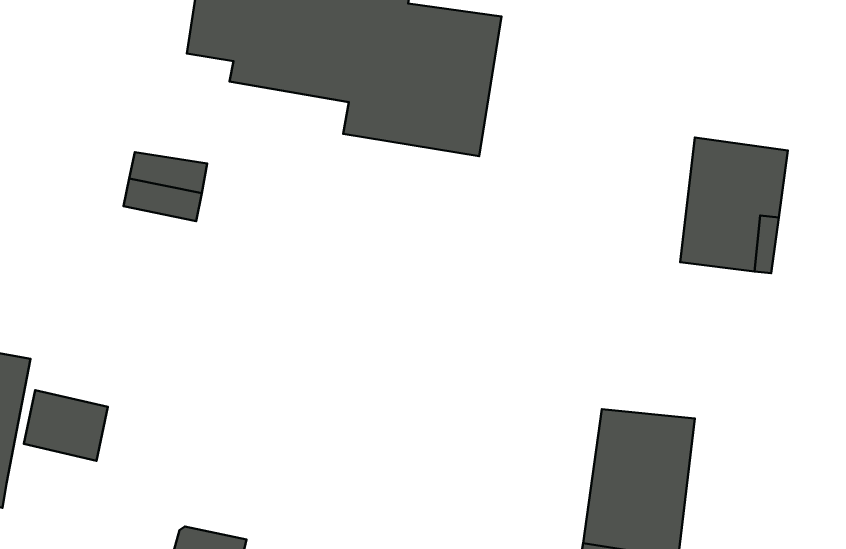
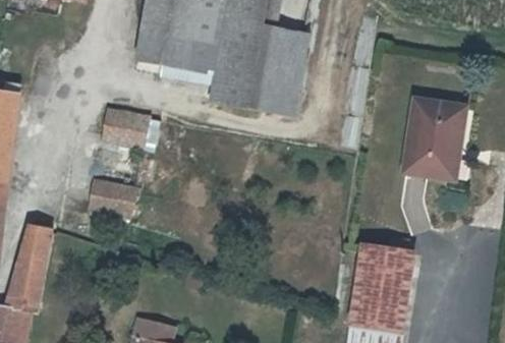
building: [24,390,108,461] -> [89,174,134,213]

